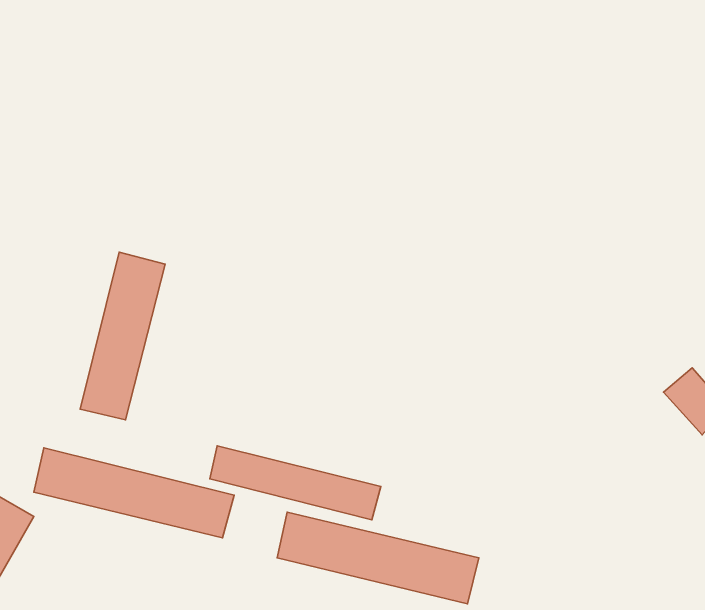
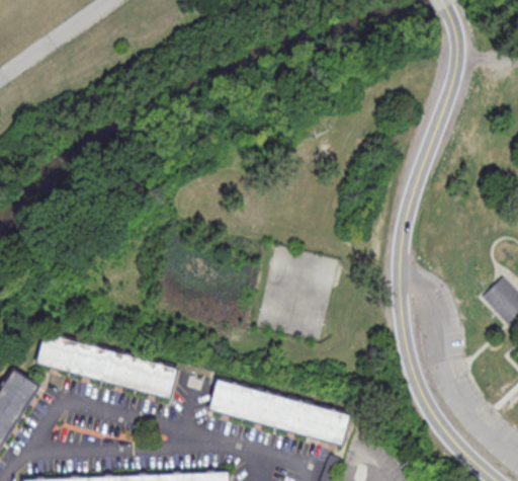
building: [80,252,165,420] -> none
building: [210,446,381,520] -> none

